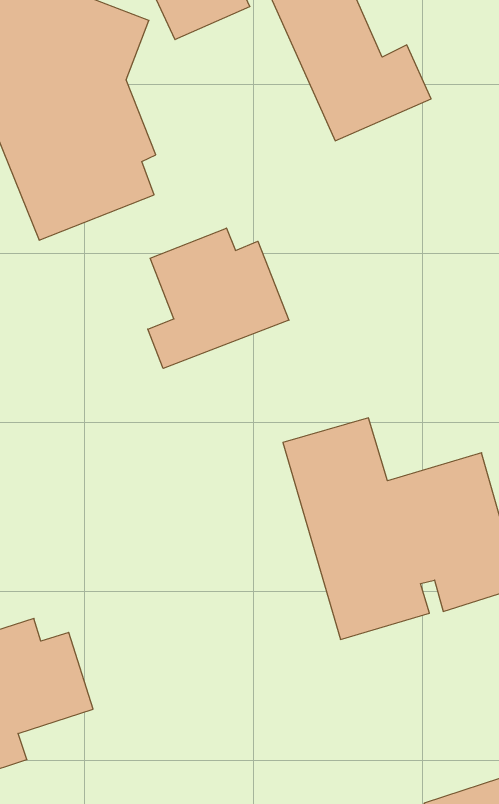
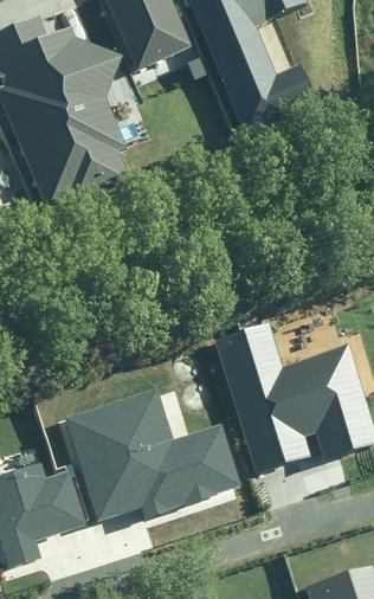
building: [148,228,289,368] -> none
building: none -> [66,387,243,520]

